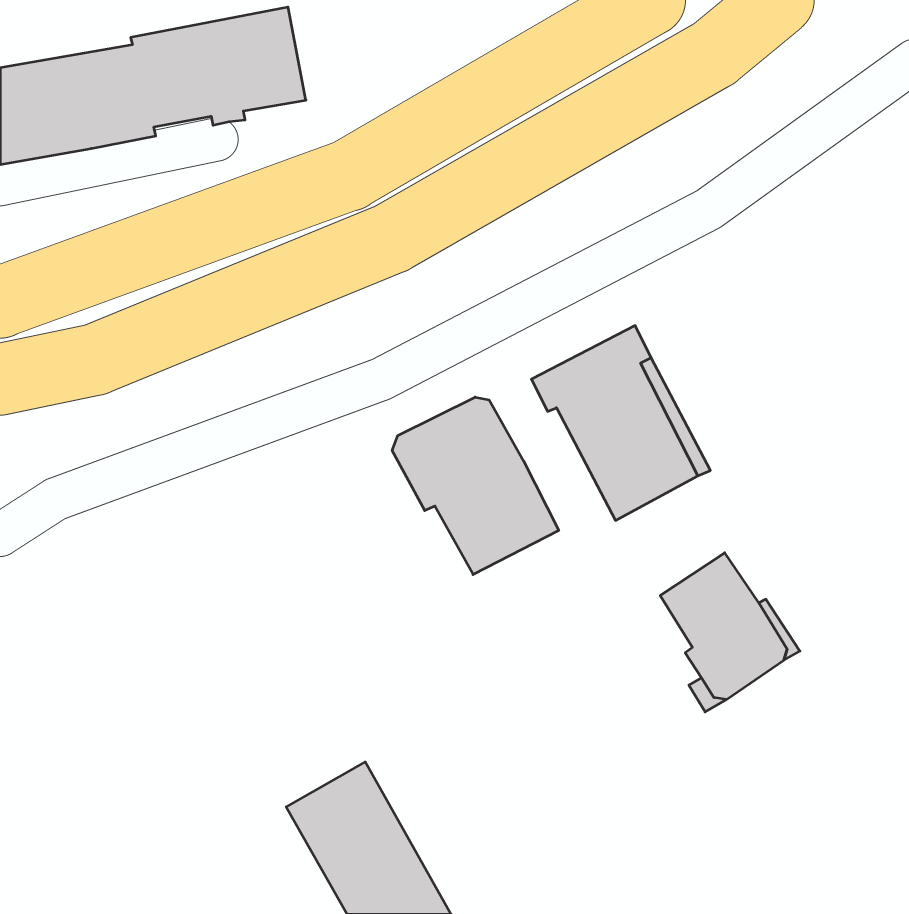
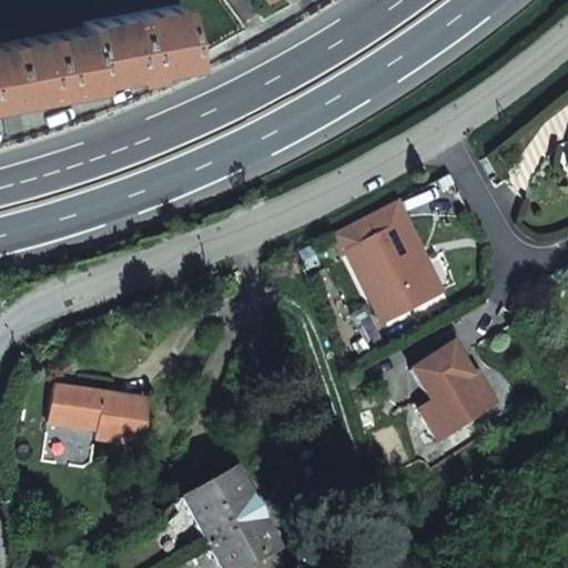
building: [392,397,559,575] -> none
building: none -> [49,386,148,446]

